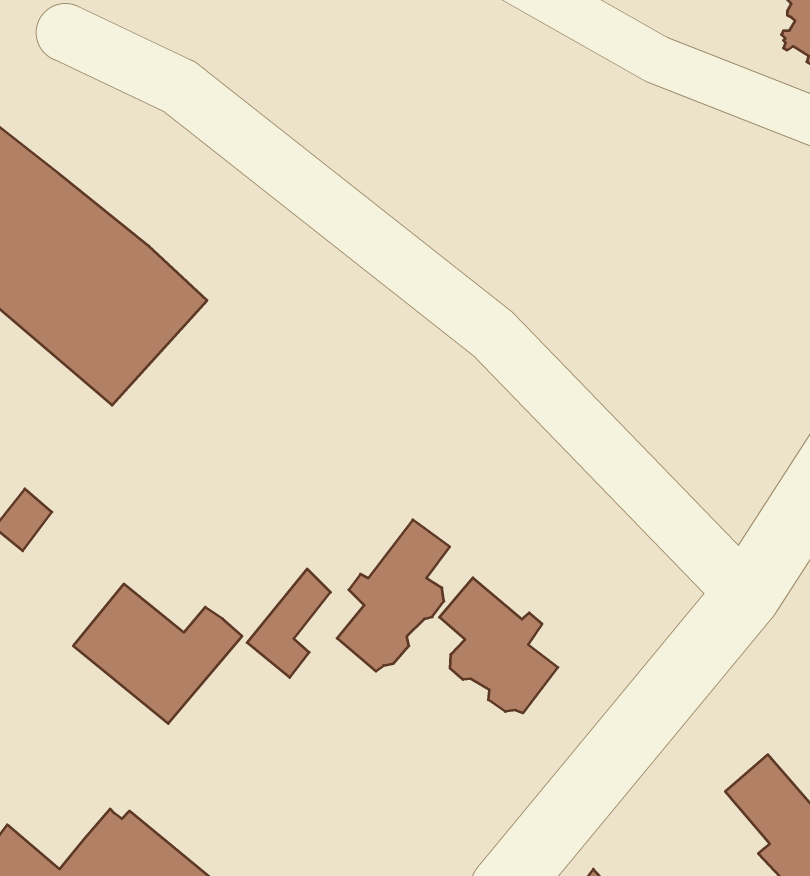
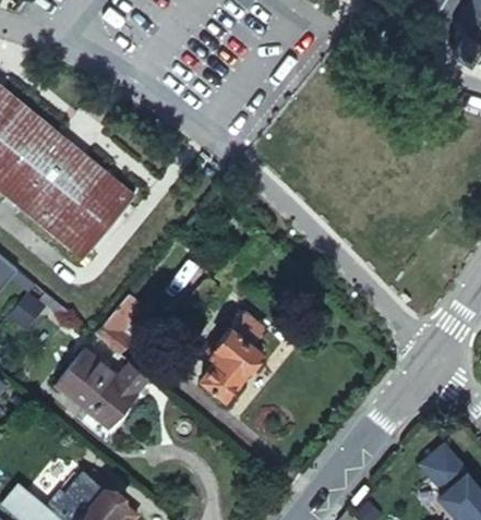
building: [247,569,331,678] -> [97,295,144,356]
building: [439,578,558,713] -> none

